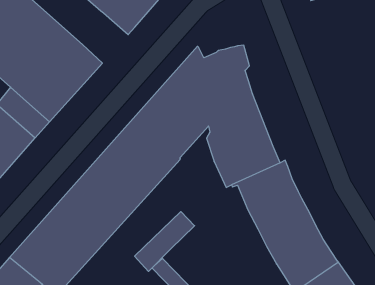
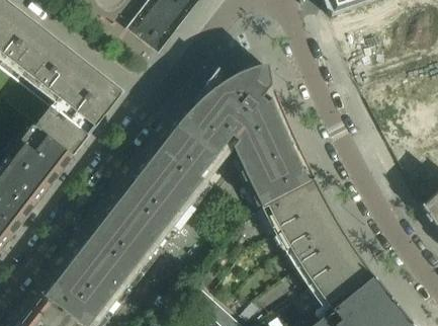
building: [135,212,195,271] -> none

